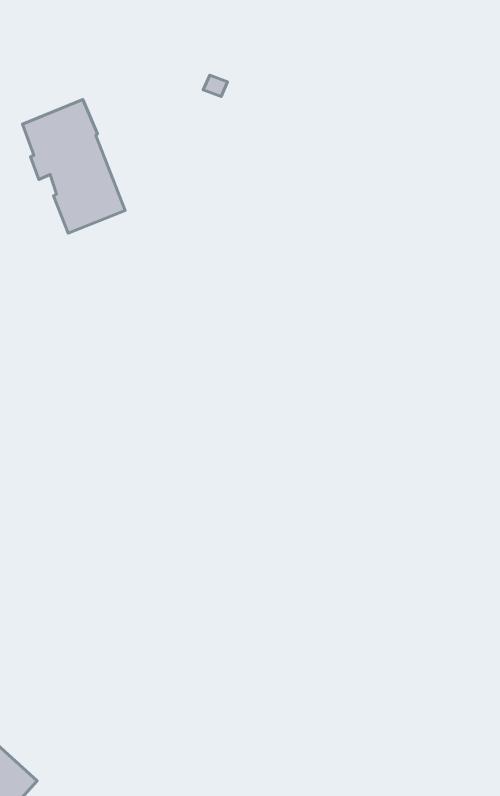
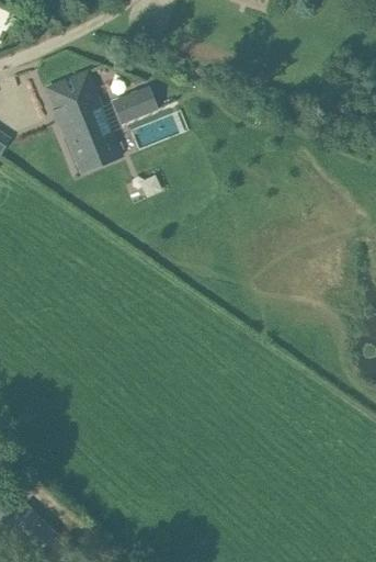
building: none -> [118,87,158,120]

